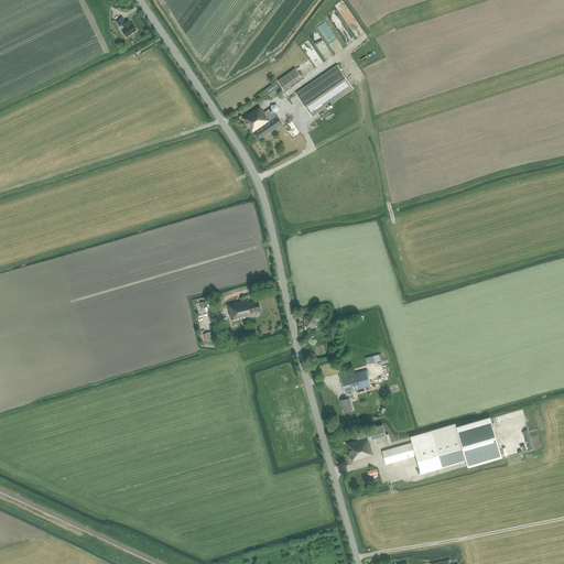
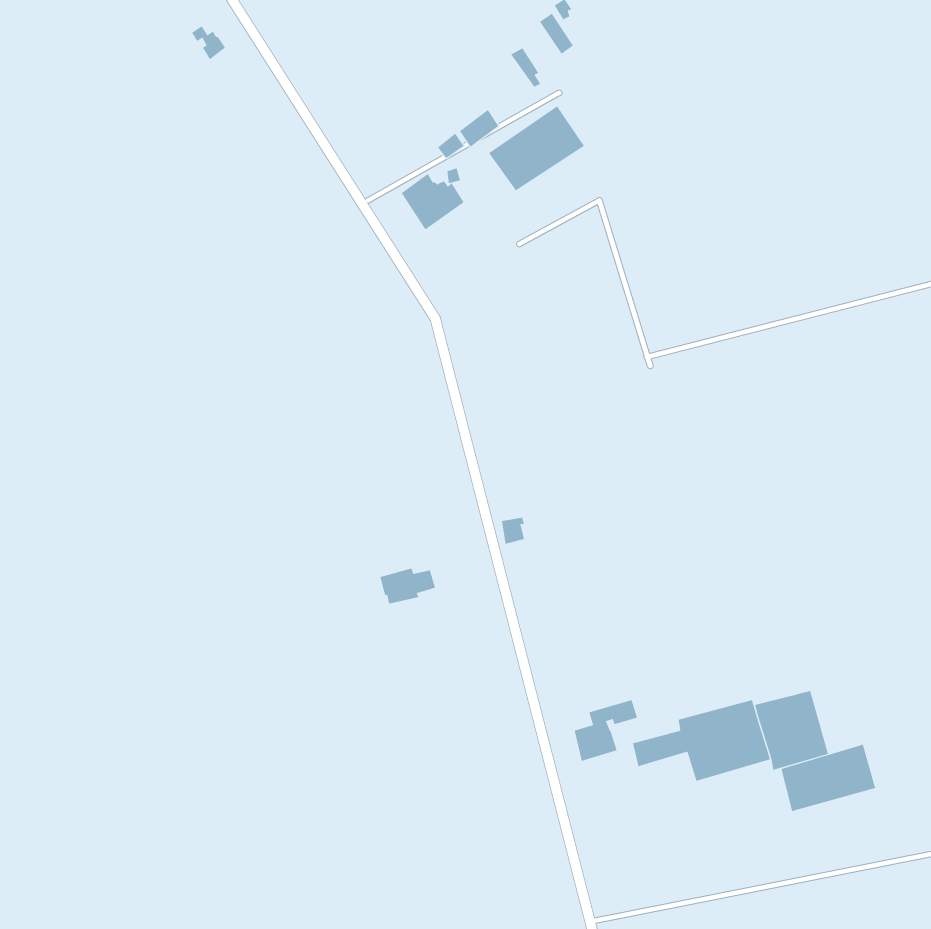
building: [227,299,261,321] -> [379,568,436,604]
building: [340,369,371,411] -> none
building: none -> [781,744,876,812]

